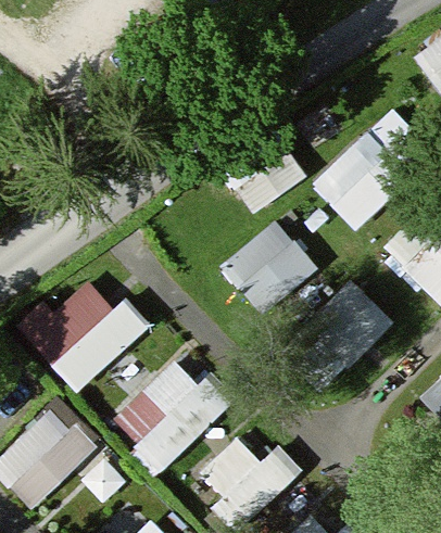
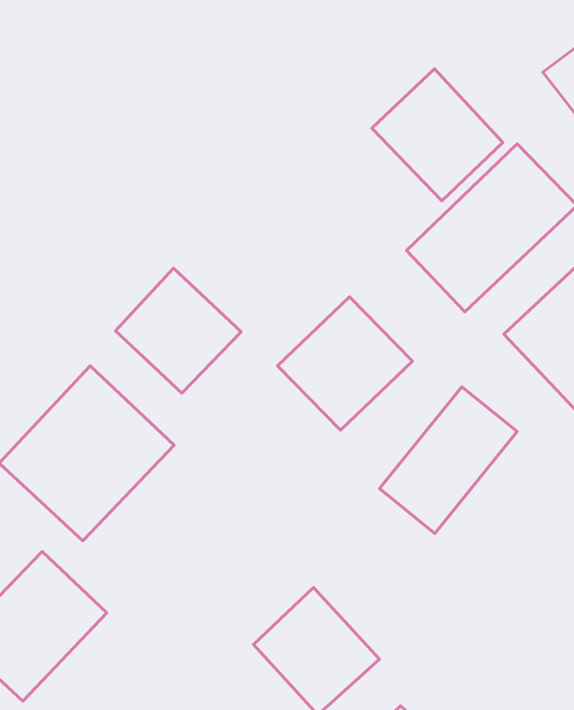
building: none -> [372,69,503,201]
building: none -> [116,268,241,393]
building: [111,360,222,473] -> none

